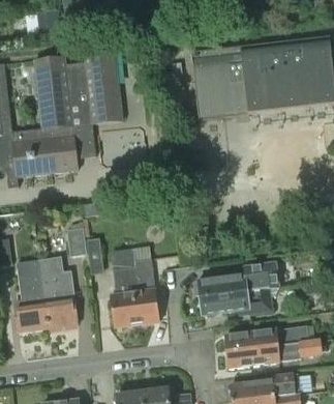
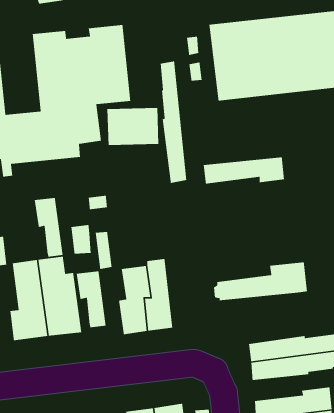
building: none -> [160,60,187,184]
building: none -> [34,197,64,258]
building: none -> [76,271,107,328]
building: [199,290,271,315] -> [203,156,285,184]

